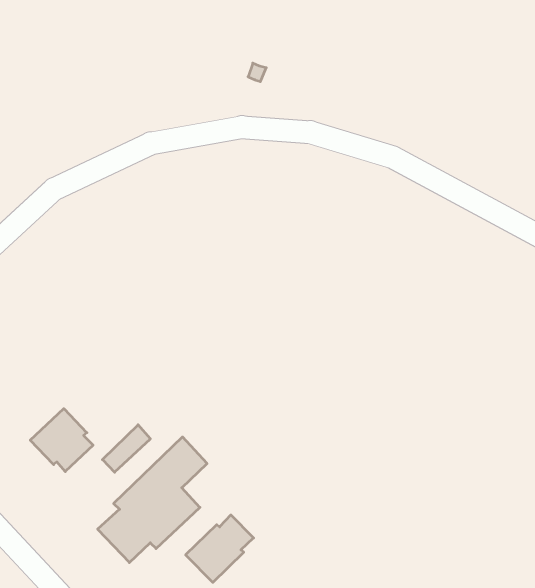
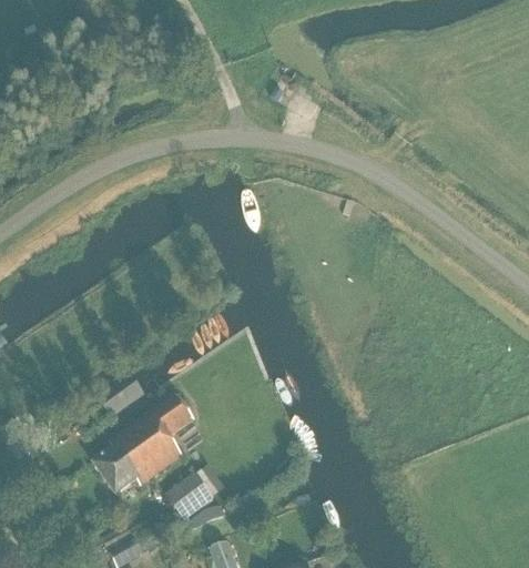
building: [30,409,93,472] -> none

